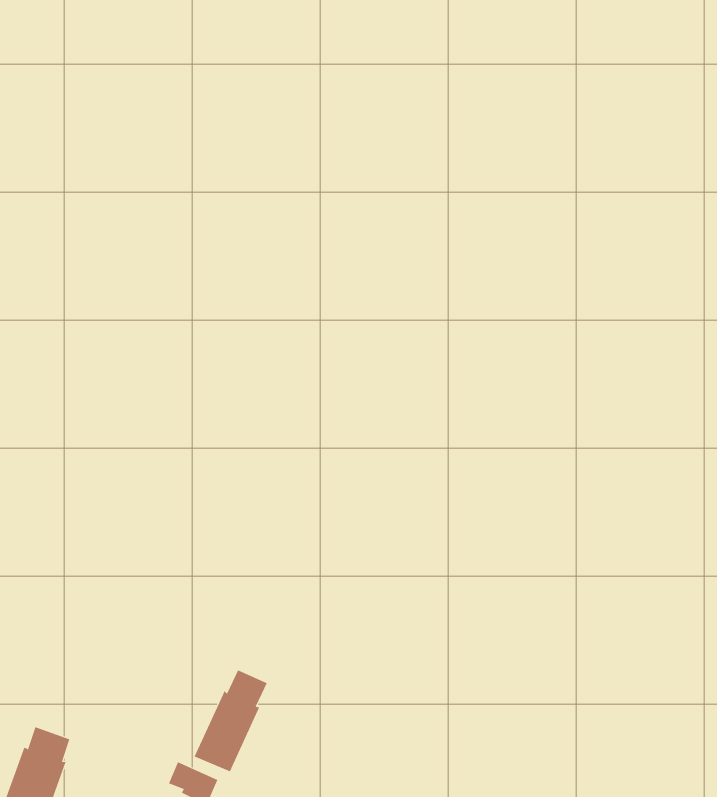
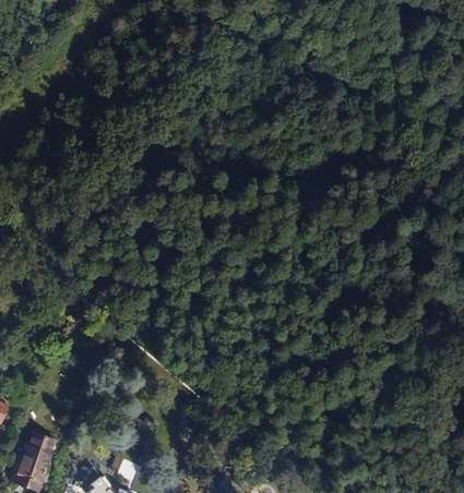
building: [194,670,268,772] -> none

